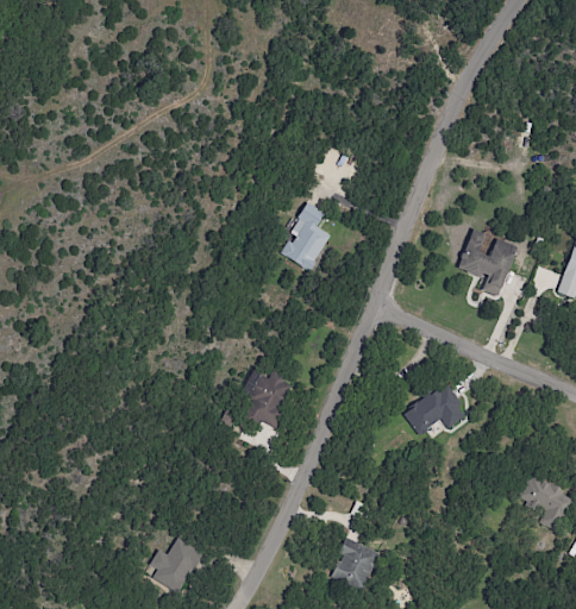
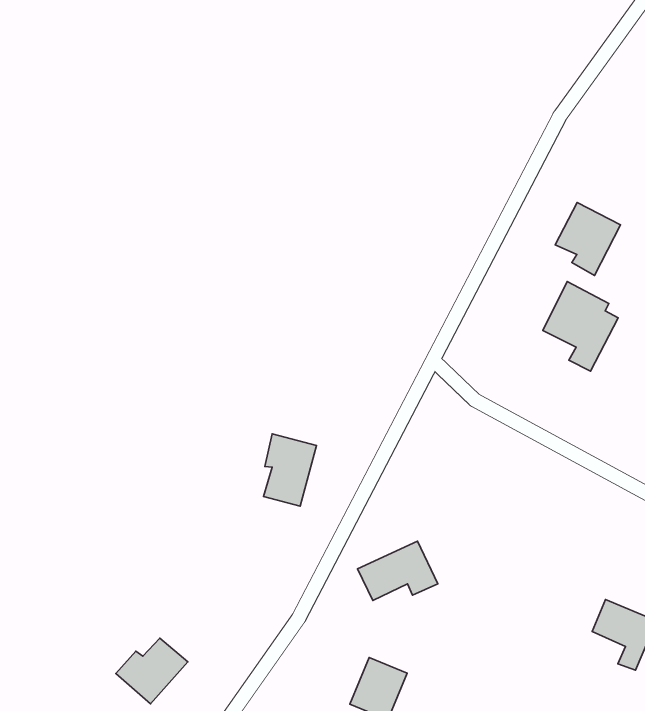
building: none -> [555,203,621,275]
building: [278,202,331,270] -> none
building: [402,384,467,434] -> [358,541,438,600]

